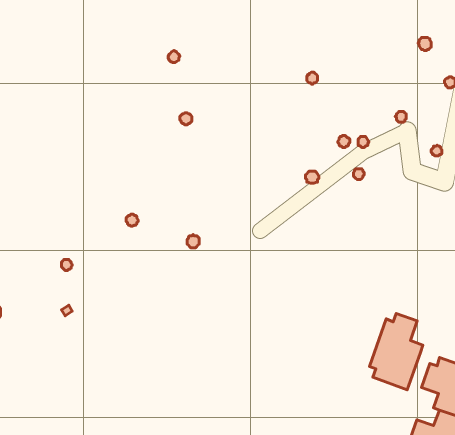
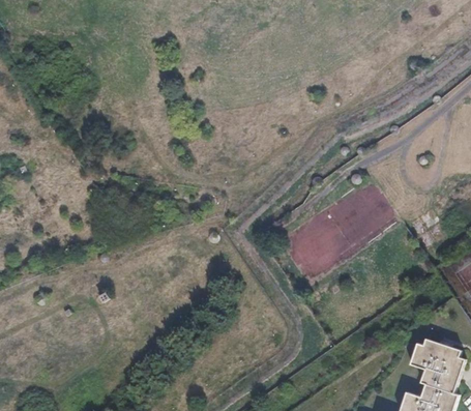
building: [370,313,423,390] -> none

